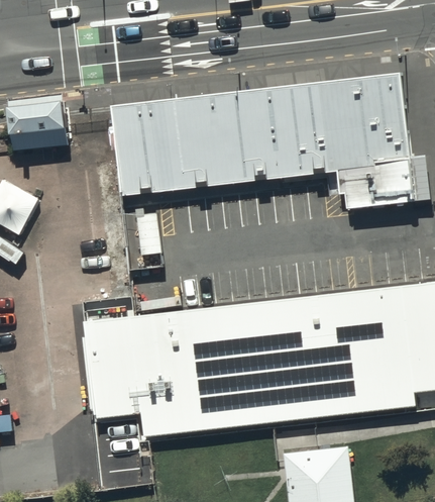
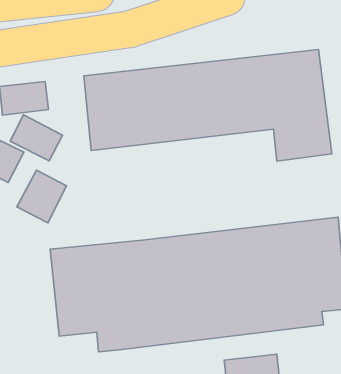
building: none -> [10,115,62,161]
building: none -> [17,170,67,223]

